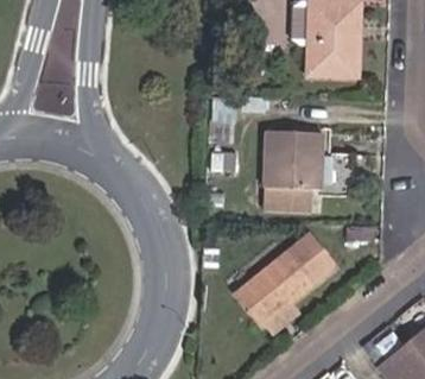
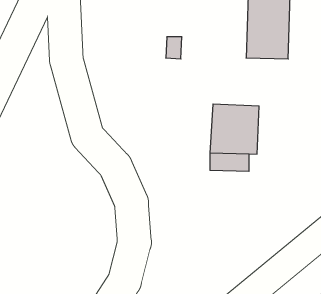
building: [236,233,334,323] -> none

